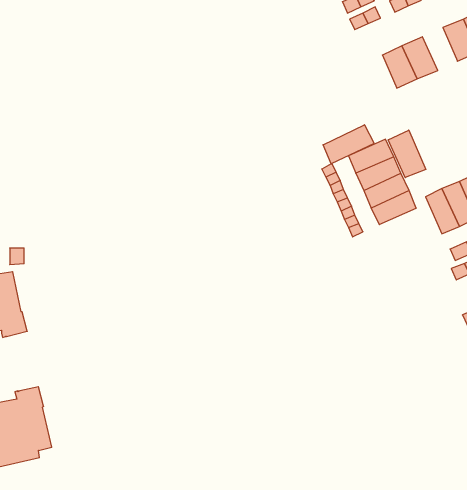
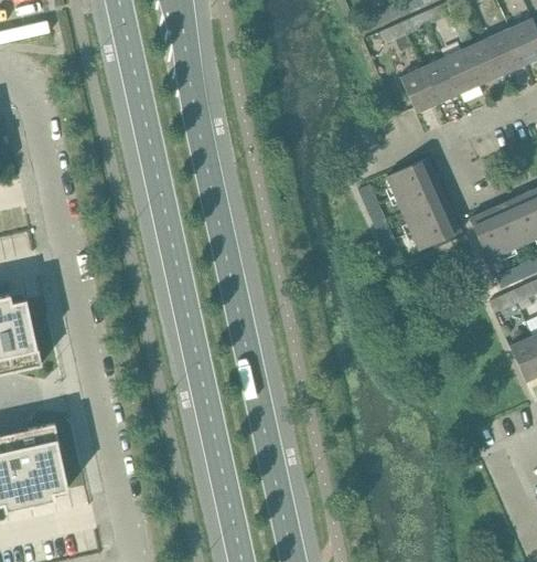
building: none -> [465,38,503,84]
building: none -> [399,67,438,113]
building: [323,125,374,164] -> none
building: [388,130,426,178] -> none

